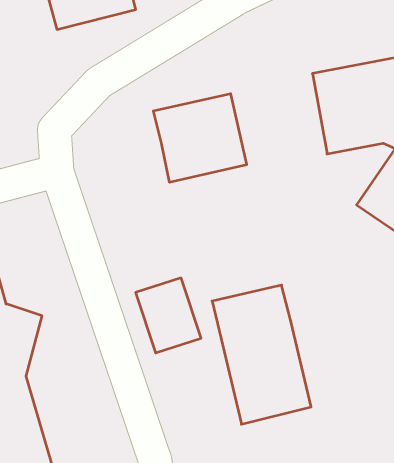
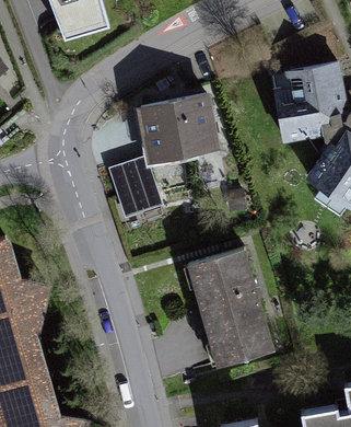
building: [136,278,201,353] -> [107,151,161,212]

